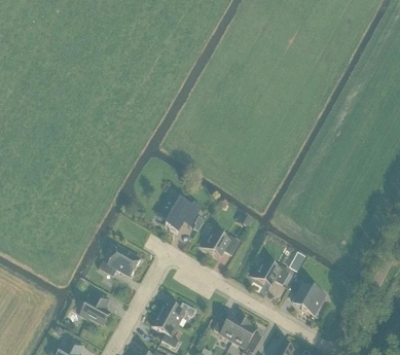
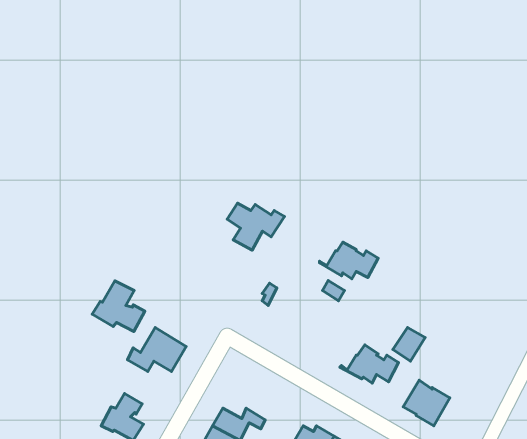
building: [160,197,201,229] -> [227,203,284,250]
building: none -> [92,281,145,332]
building: [197,228,239,254] -> [319,242,378,279]

